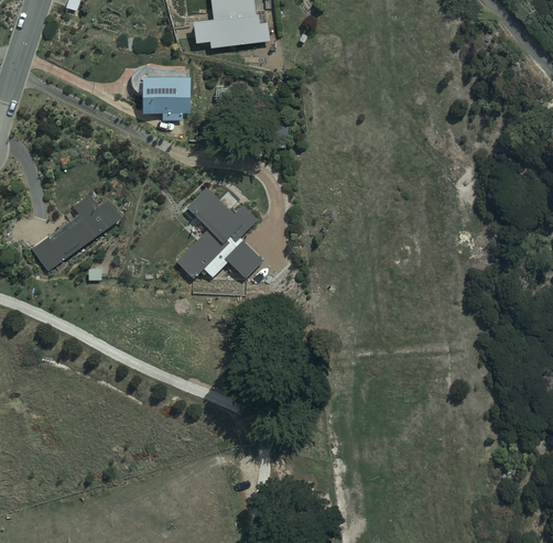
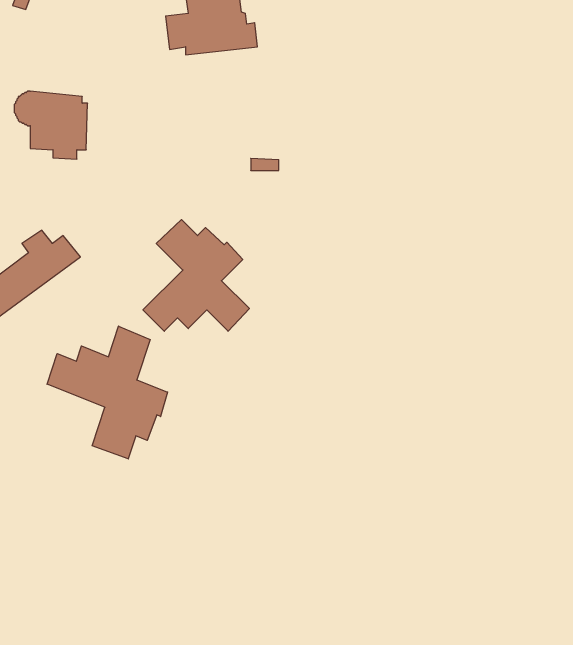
building: [131,63,192,119] -> [14,91,88,159]
building: none -> [47,326,168,459]

